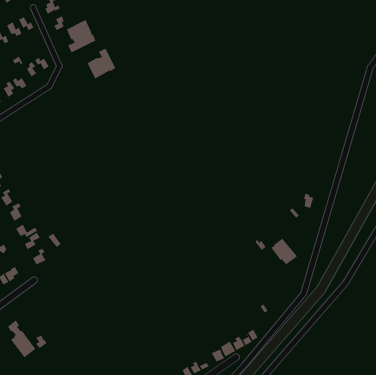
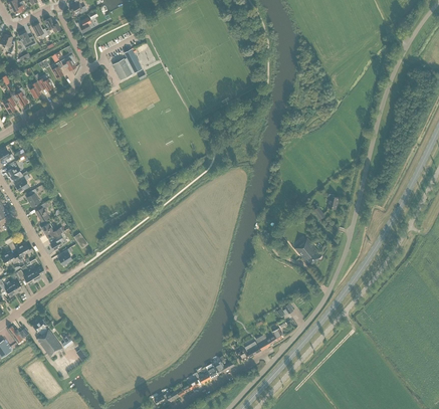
building: [66,19,96,53] -> none

